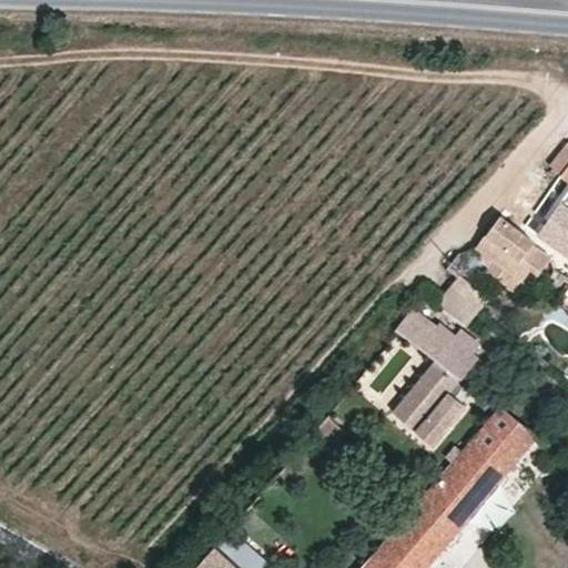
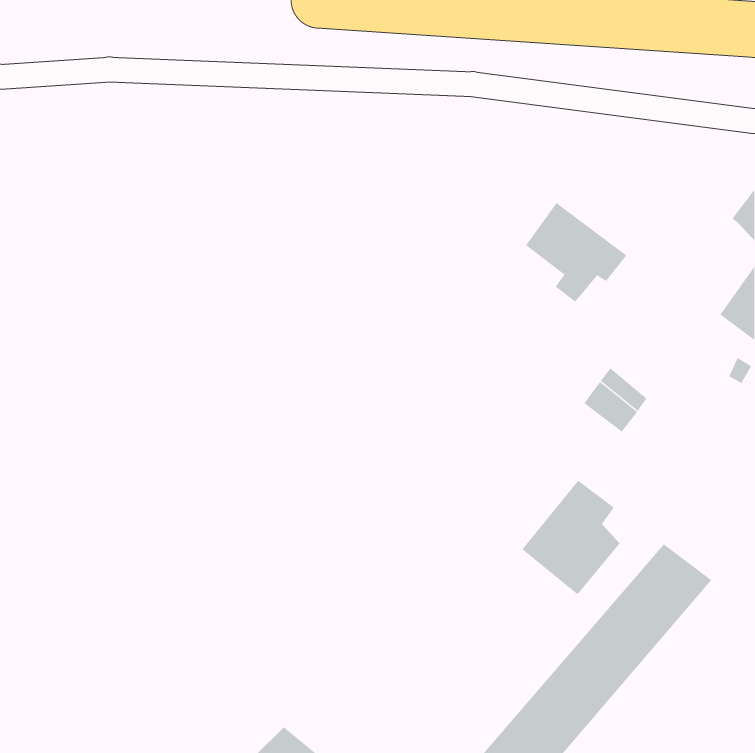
building: [474,216,550,292] -> [525,202,627,303]
building: [394,307,490,388] -> none

